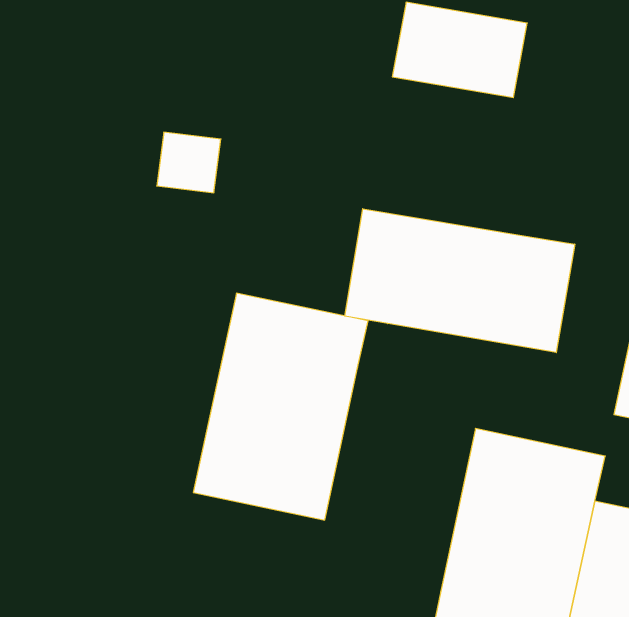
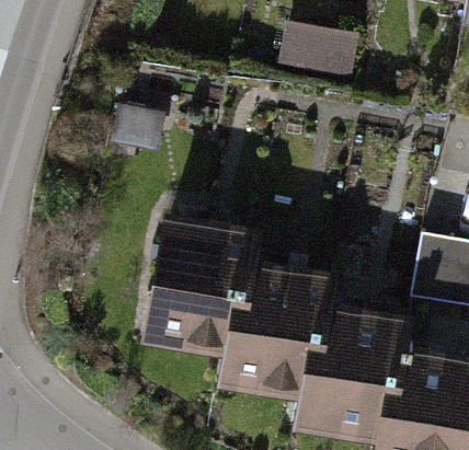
building: [345,209,575,353] -> none
building: none -> [224,259,330,401]

